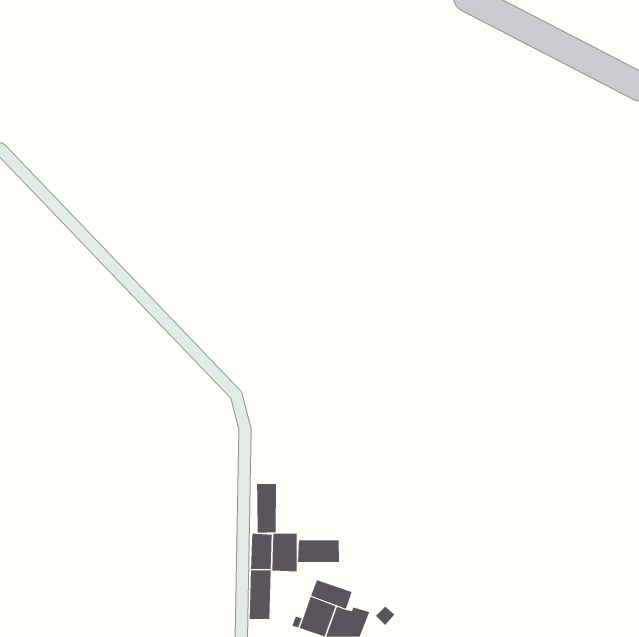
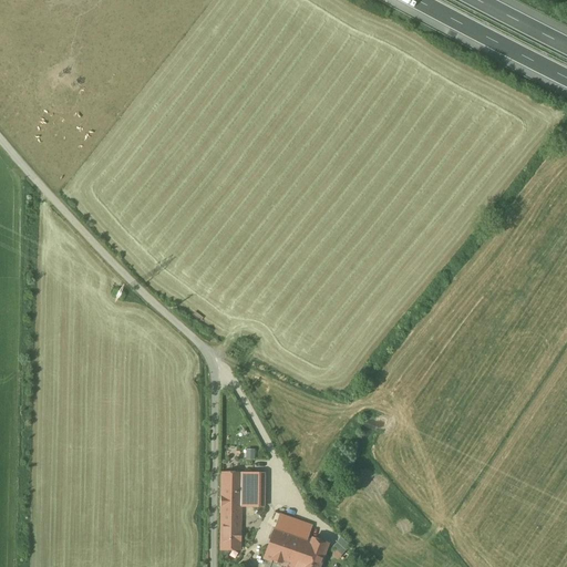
building: [256,483,277,533] -> none
building: [298,539,340,563] -> none

